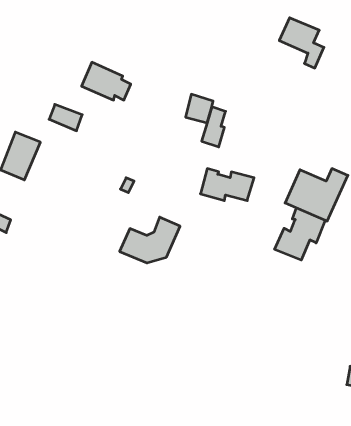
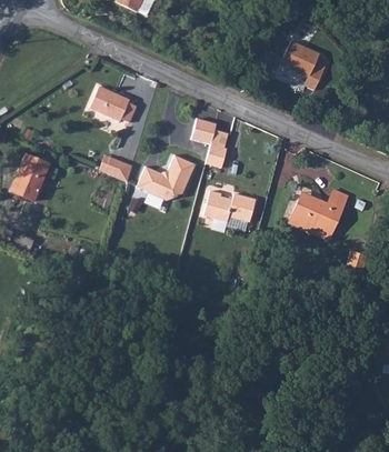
building: [49,104,82,131] -> [100,155,132,181]
building: [275,208,325,260] -> none
building: [120,217,180,263] -> [136,155,194,200]

